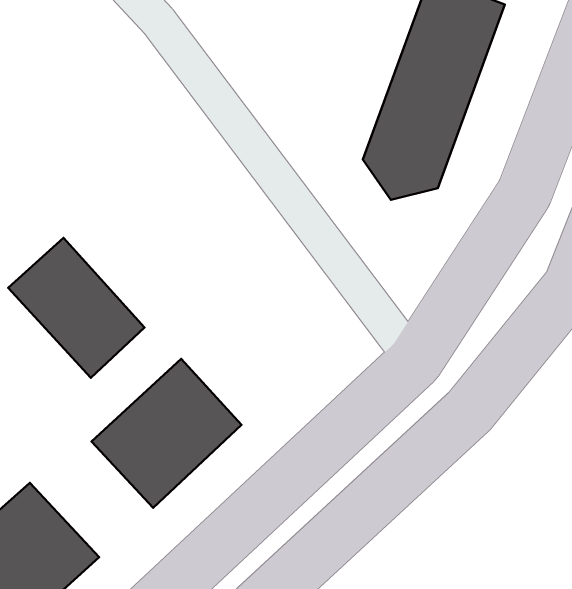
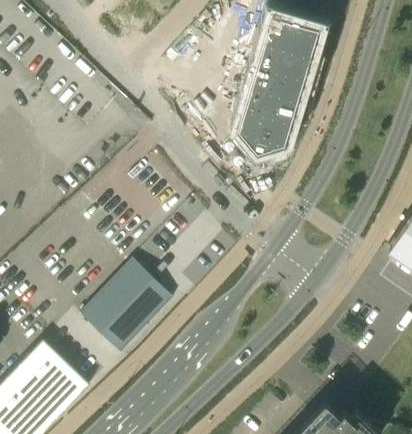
building: [8,238,145,378] -> none

